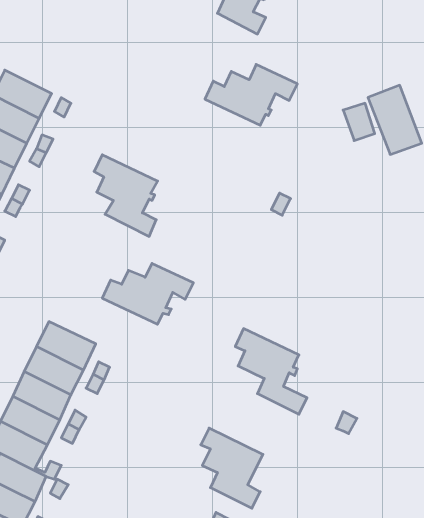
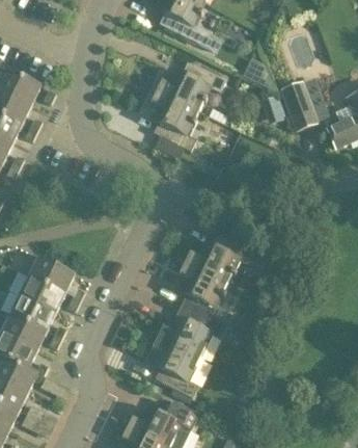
building: [94,155,158,236] -> [149,89,197,151]
building: [102,263,193,324] -> [185,236,253,282]
building: none -> [159,311,226,357]

